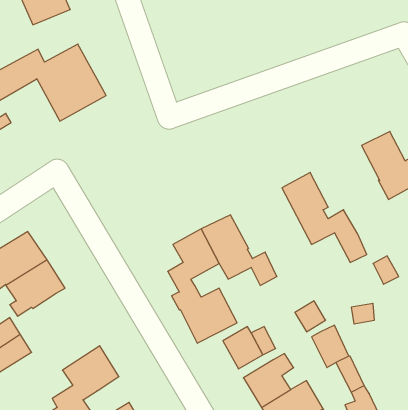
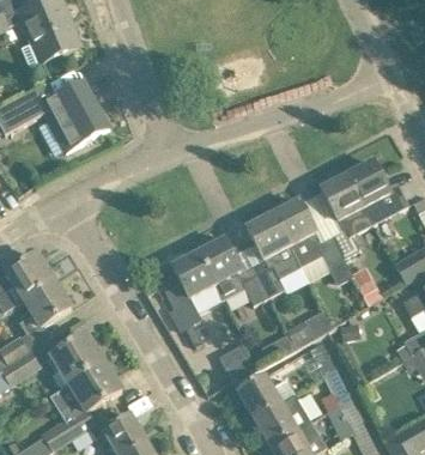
building: none -> [320,174,372,256]
building: none -> [245,213,300,296]
building: none -> [50,333,103,383]

